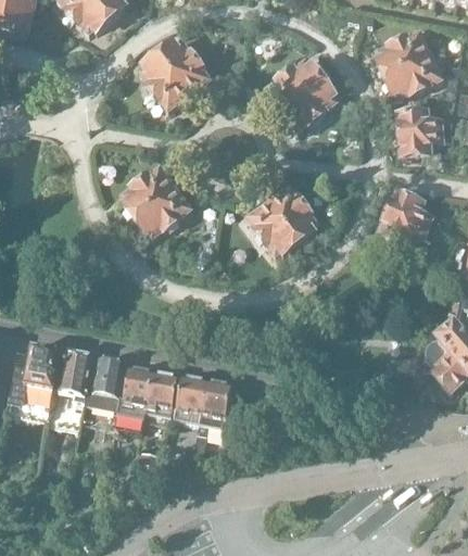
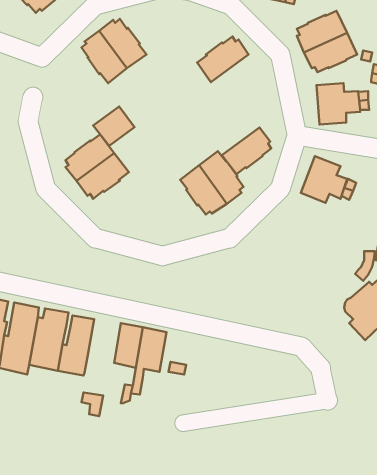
building: [281,77,336,128] -> [222,128,271,174]
building: none -> [93,106,135,146]
building: [146,368,179,415] -> none

